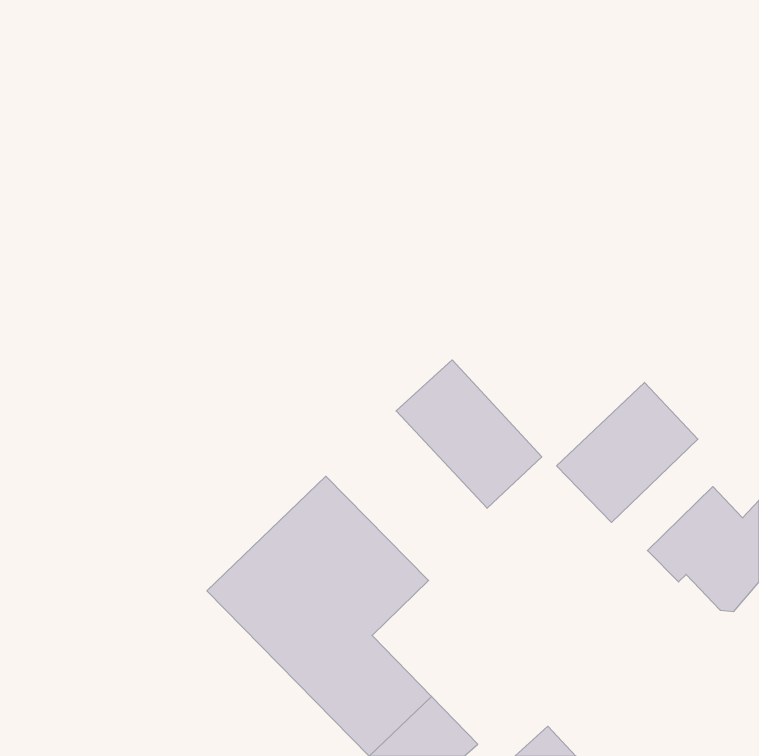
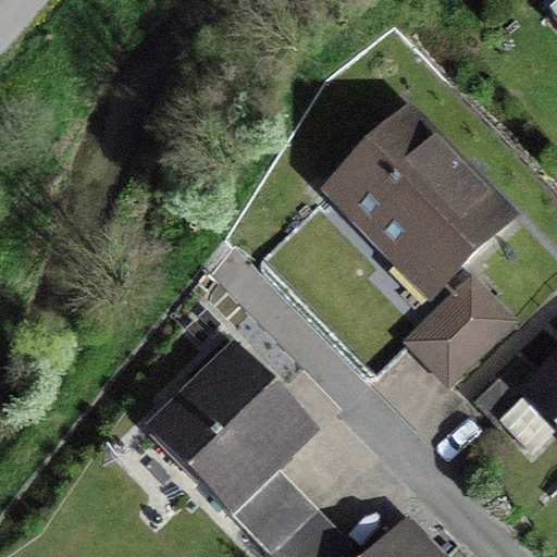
building: none -> [331,115,506,282]
building: [396,360,542,508] -> none

